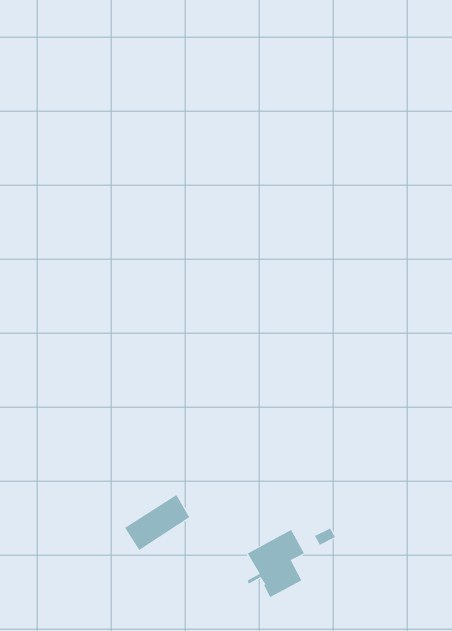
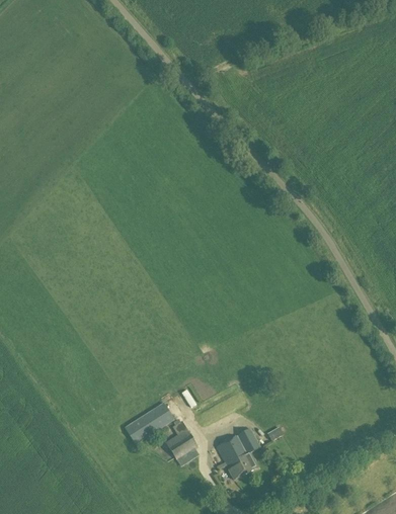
building: none -> [164,420,197,465]

